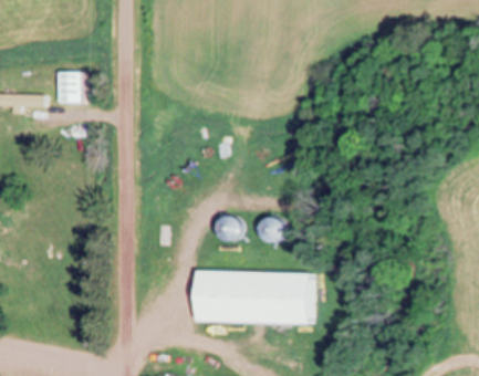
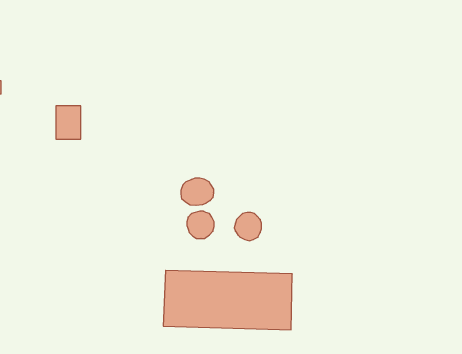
building: [56,71,80,102] -> [56,106,81,139]
building: none -> [181,178,213,205]

